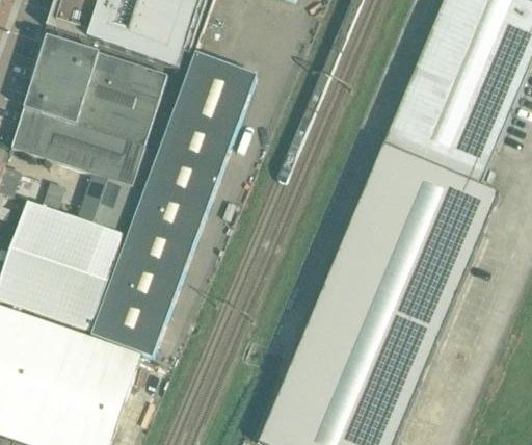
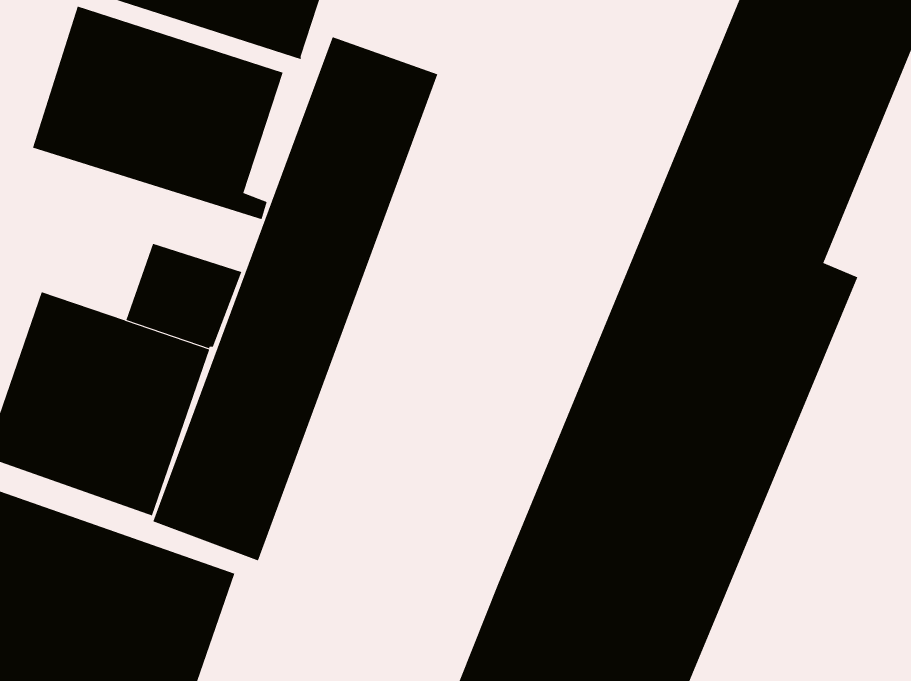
building: [11,116,154,188] -> none

